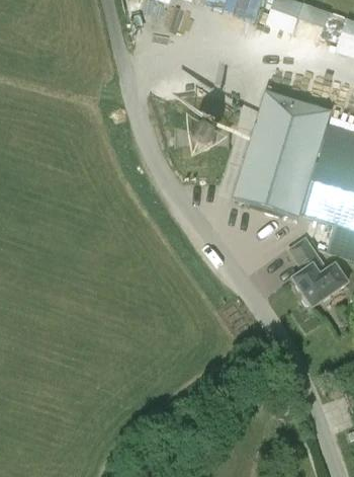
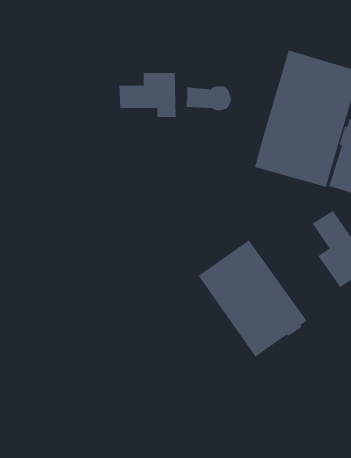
building: none -> [119,72,176,118]
building: none -> [198,239,307,357]

